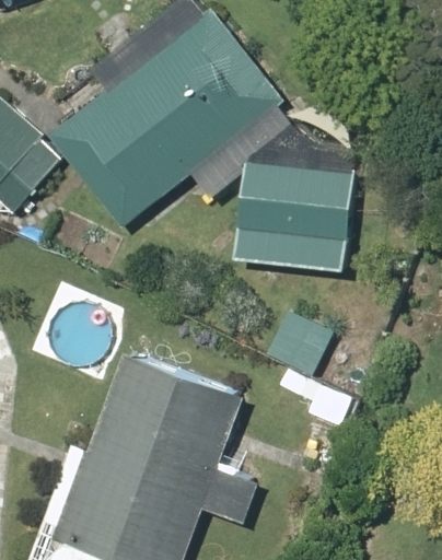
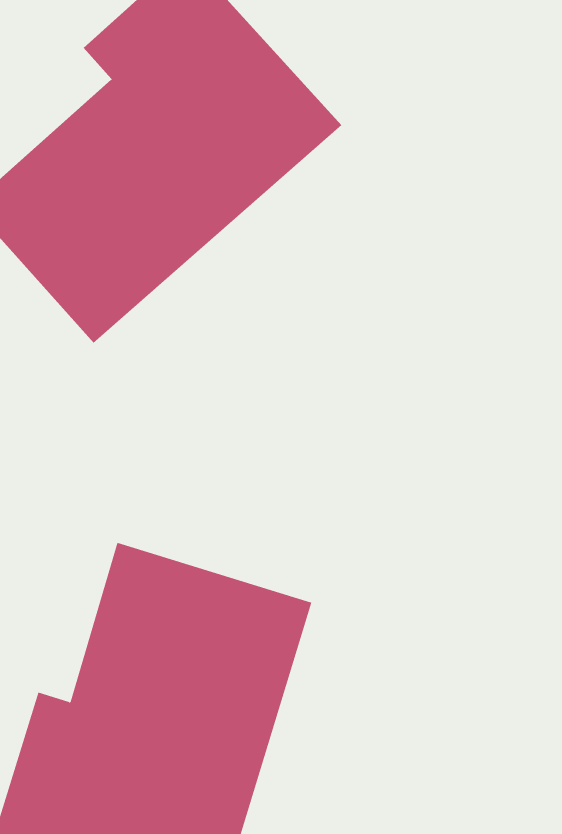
building: [235,160,353,272] -> none

